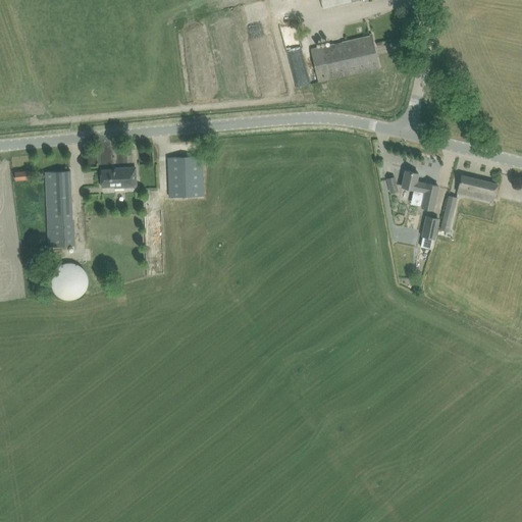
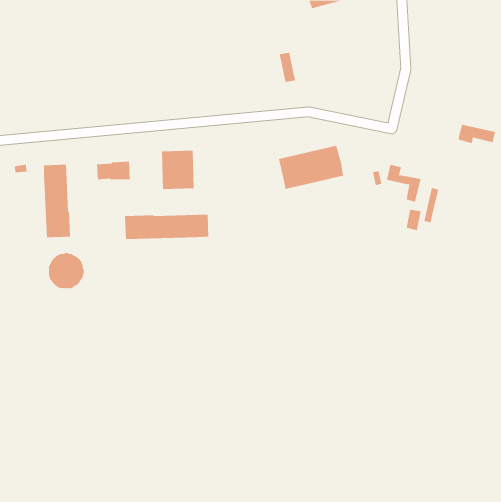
building: [310,36,378,82] -> [278,145,344,189]
building: [457,175,497,196] -> [458,124,496,144]
building: none -> [125,214,209,240]

